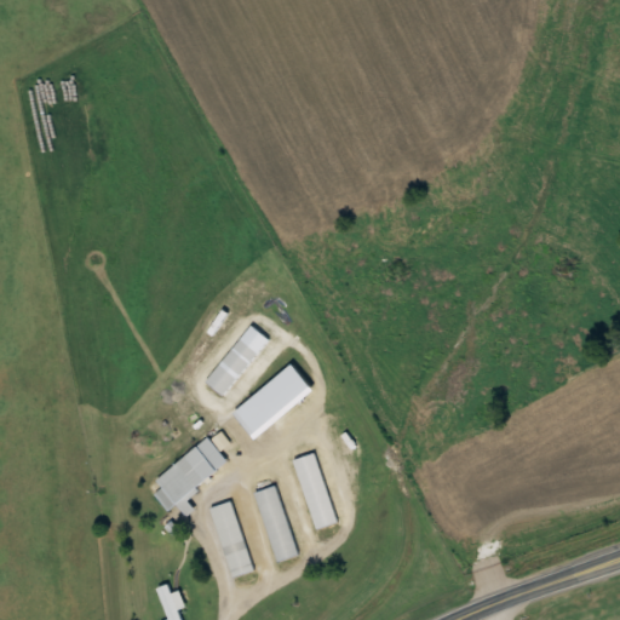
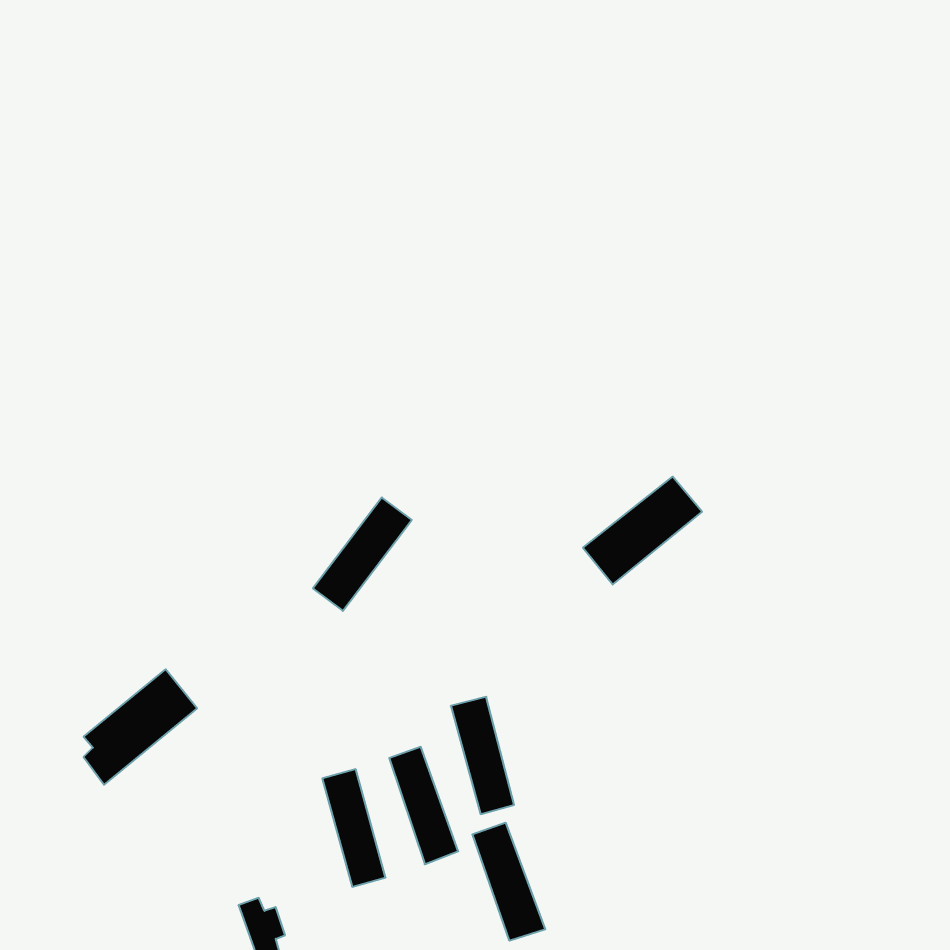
building: [242,358,320,429] -> [583,477,702,585]
building: [153,437,226,512] -> [84,669,197,785]
building: none -> [472,823,545,941]

